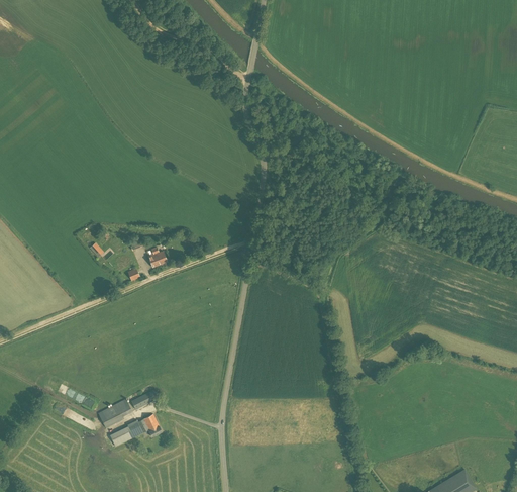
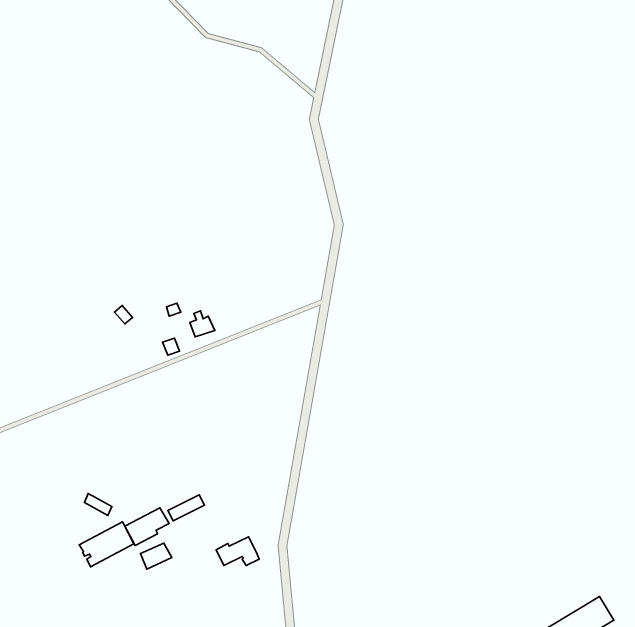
building: none -> [79,522,134,567]
building: [128,414,162,436] -> [216,537,259,566]

